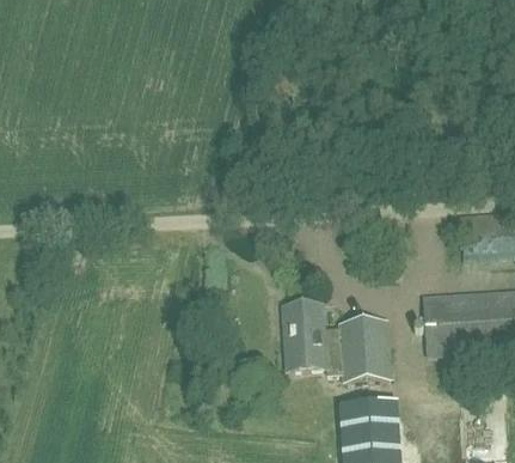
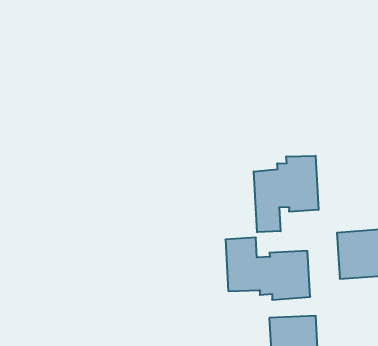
building: none -> [254,156,318,232]

